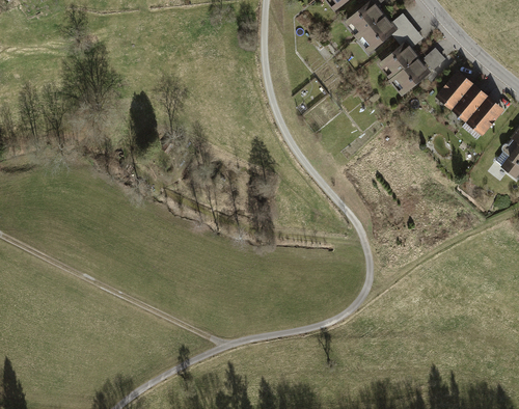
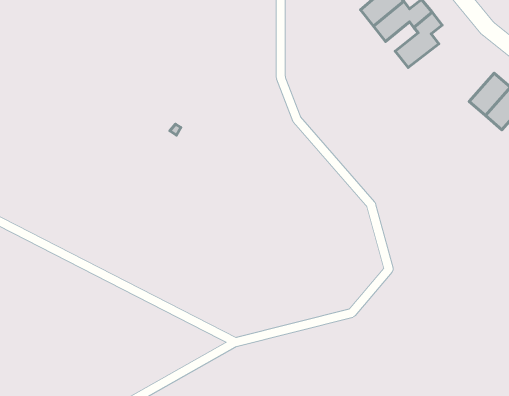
building: [391,45,446,93] -> none
building: [434,70,473,110] -> none

